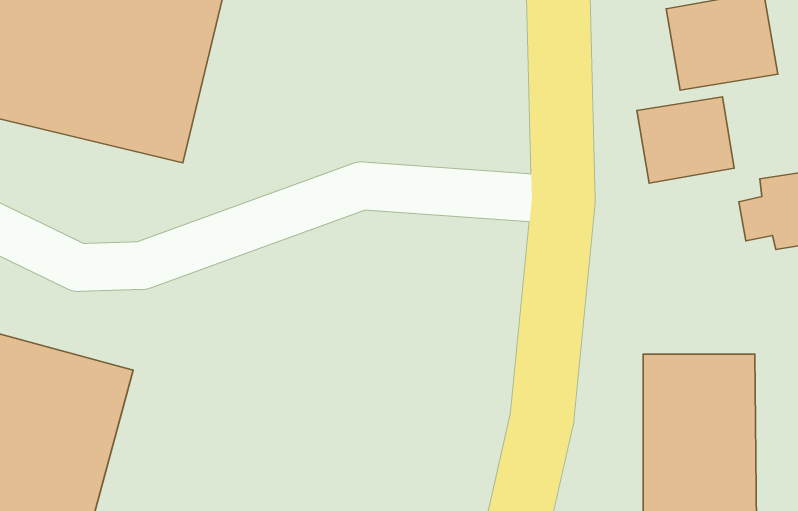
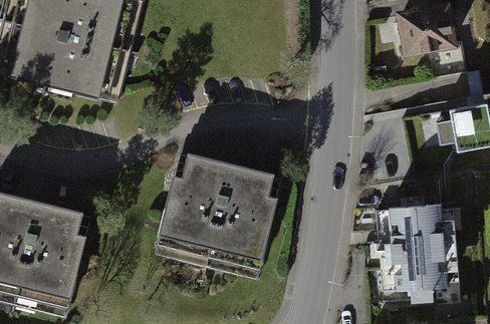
building: [637,97,734,183] -> none
building: none -> [165,157,273,276]

